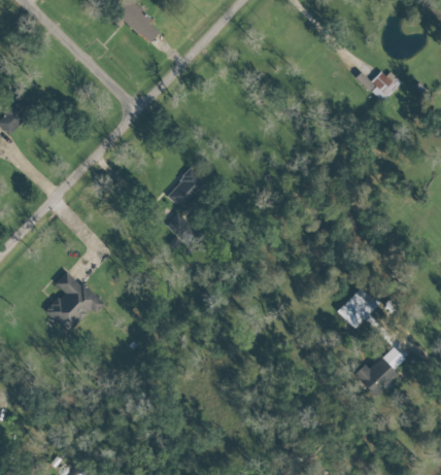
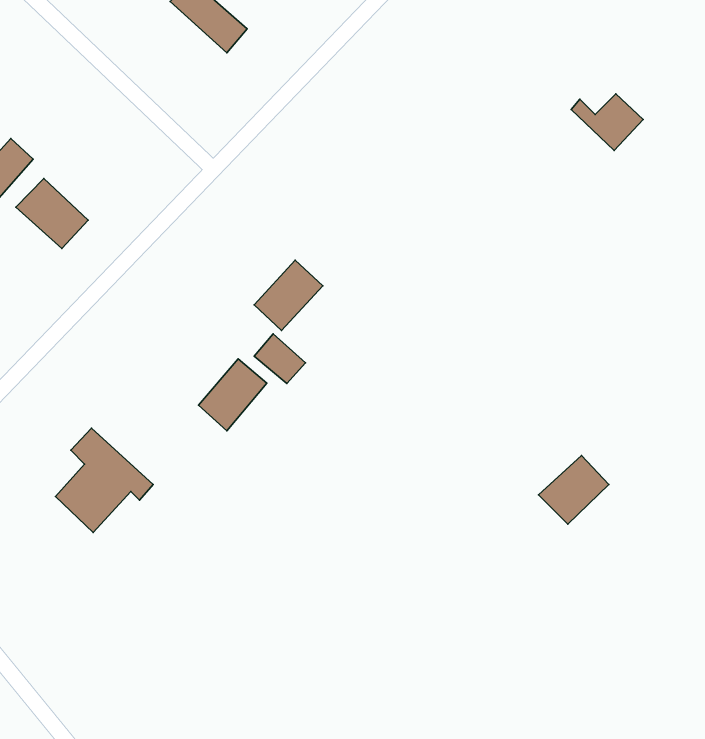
building: none -> [16,179,88,249]
building: none -> [199,359,267,431]
building: [355,346,406,398] -> none

